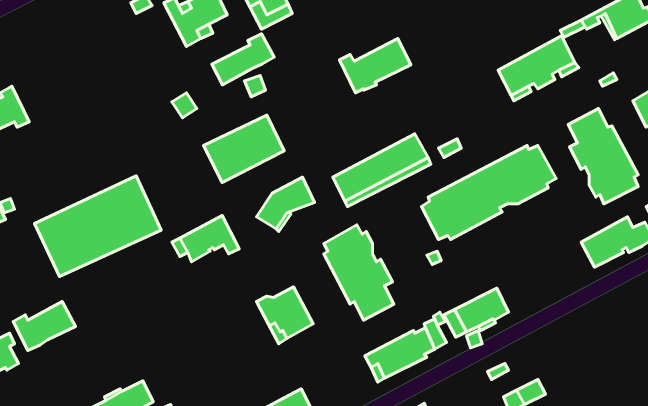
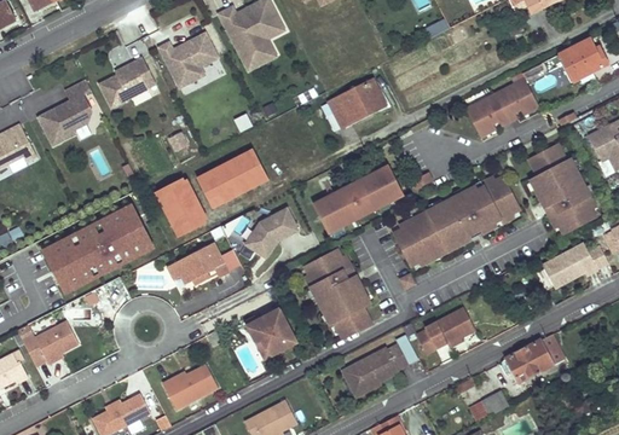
building: none -> [96,59,157,110]
building: [212,34,274,85] -> none
building: none -> [39,80,92,145]
building: none -> [155,176,209,240]
building: none -> [507,335,565,382]
building: none -> [162,364,218,408]

